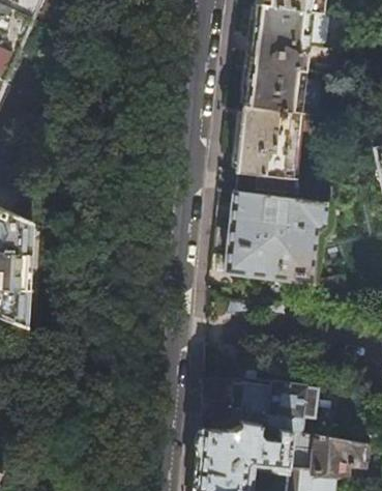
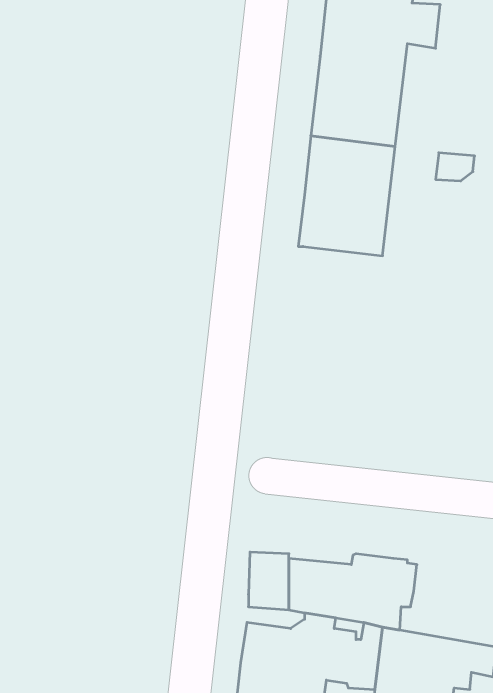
building: [227,177,331,283] -> none

